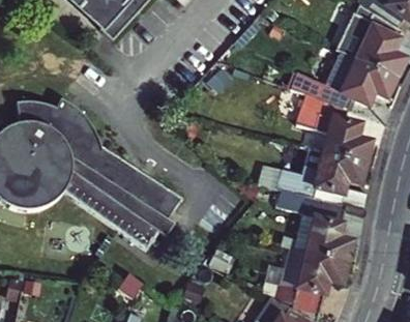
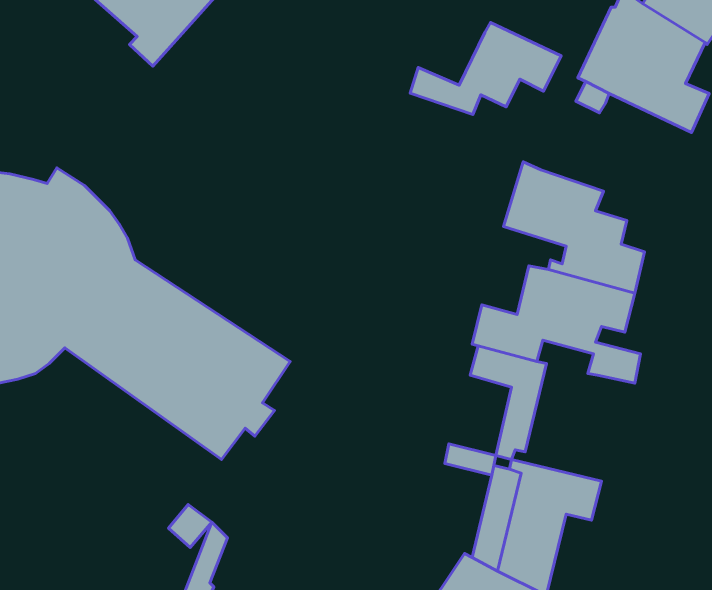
building: [316,60,396,109] -> [410,23,561,115]
building: [300,200,353,262] -> none

